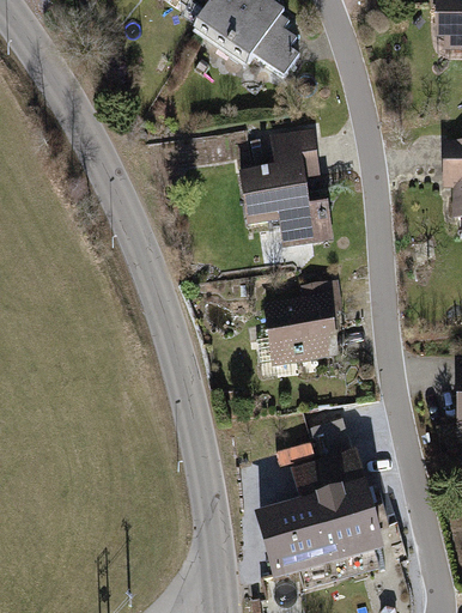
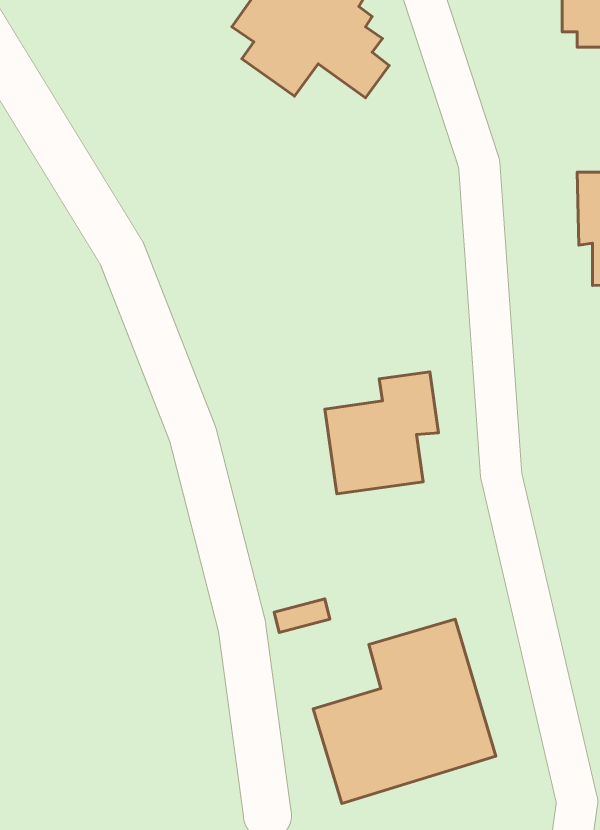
building: [235,125,332,248] -> none

